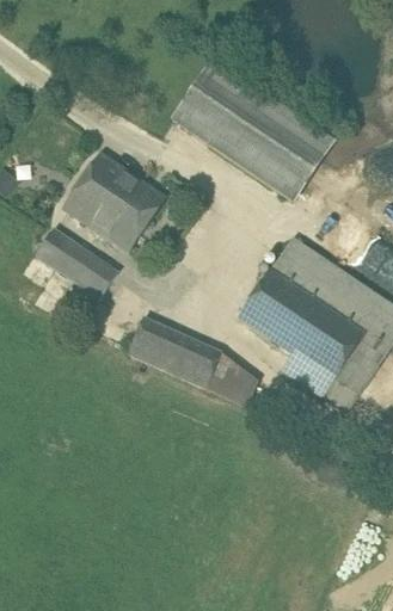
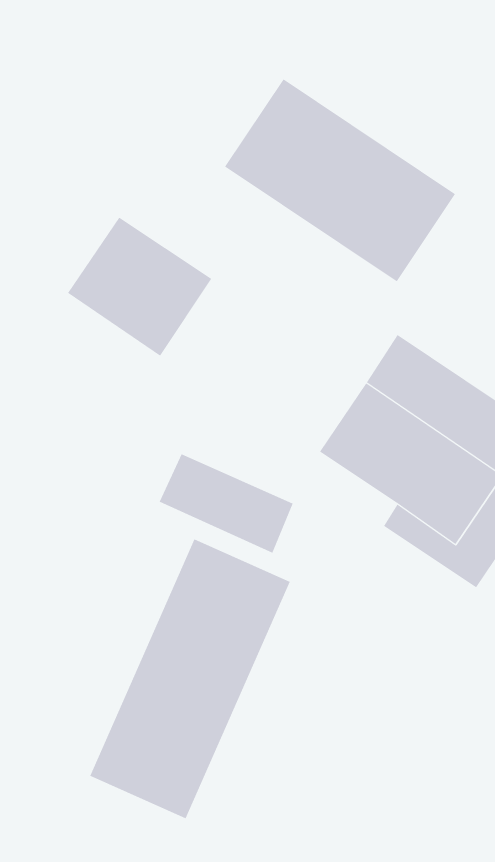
building: [35,228,117,298] -> none
building: [205,352,257,405] -> none
building: none -> [89,539,291,819]

